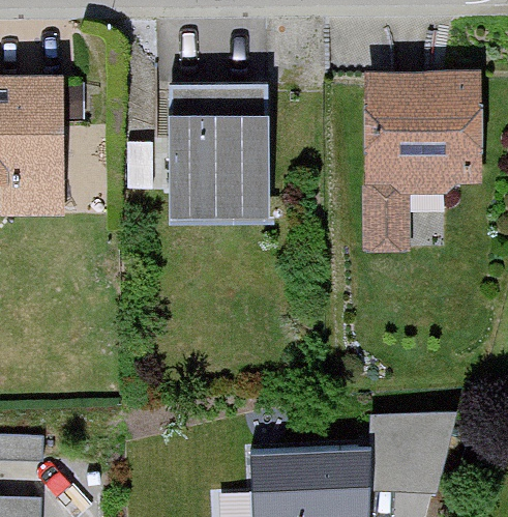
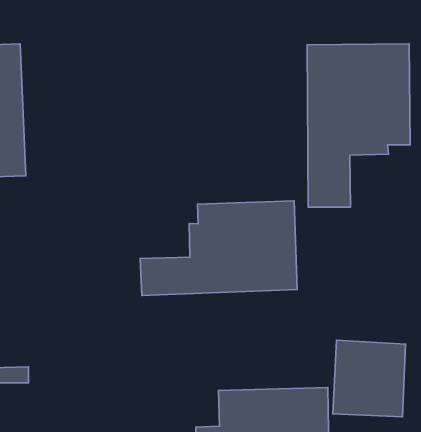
building: [155,82,278,224] -> none
building: none -> [140,201,297,296]

